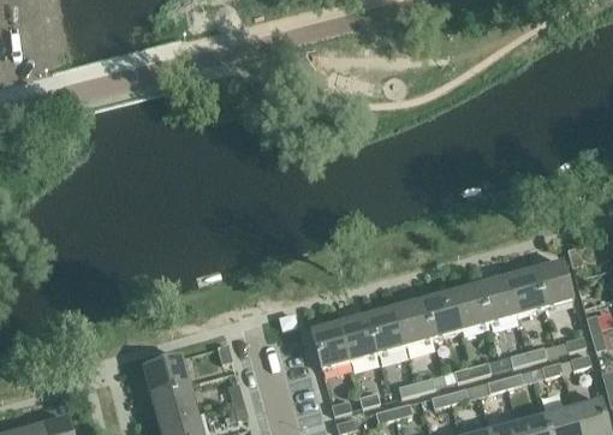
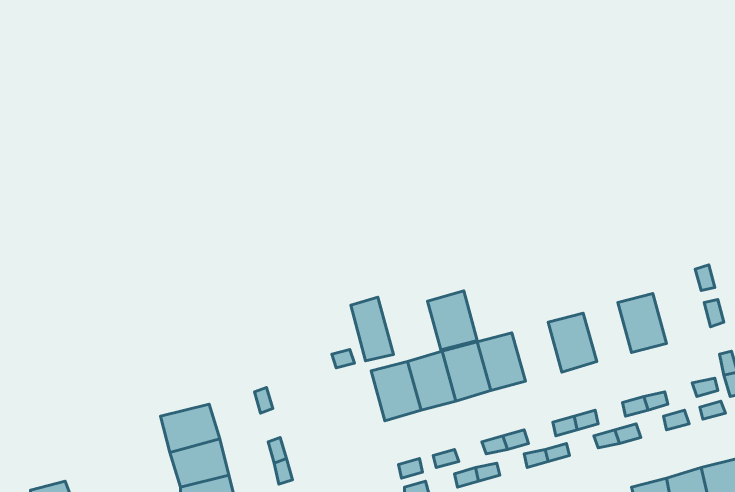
building: [534,260,573,306] -> none
building: none -> [351,297,393,361]
building: [478,274,517,321] -> none
building: [422,290,462,336] -> [427,291,477,350]

